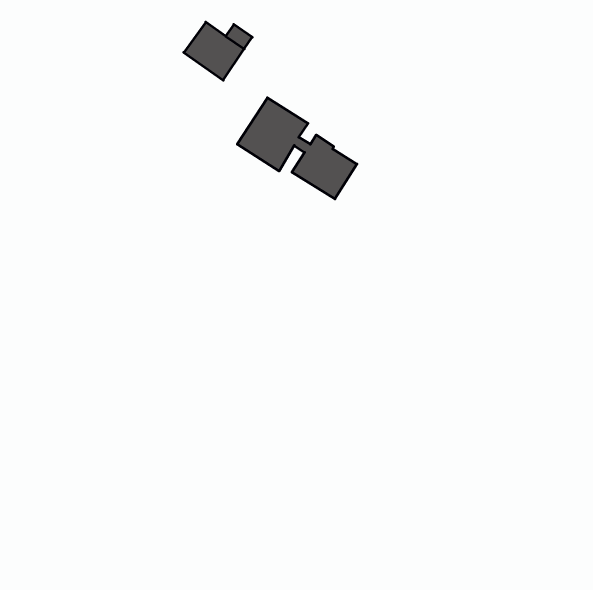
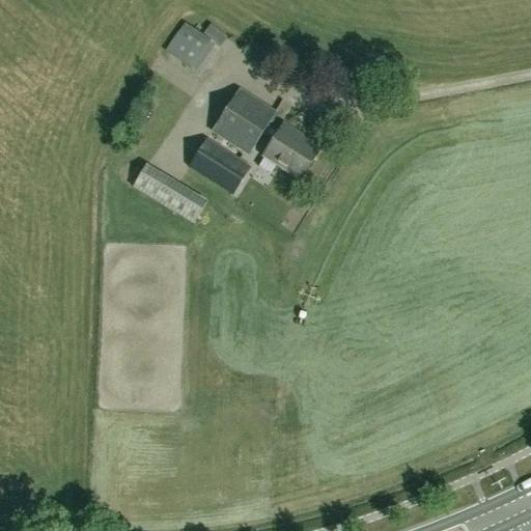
building: none -> [189,136,251,192]
building: none -> [132,163,205,222]

